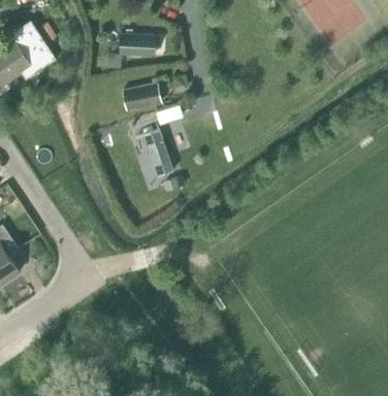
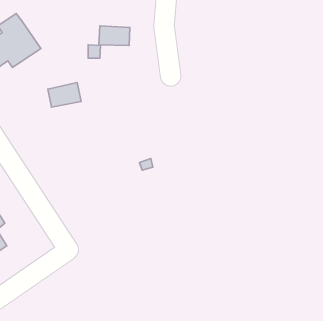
building: [122,84,158,110] -> [48,82,81,107]
building: [142,131,172,176] -> none

